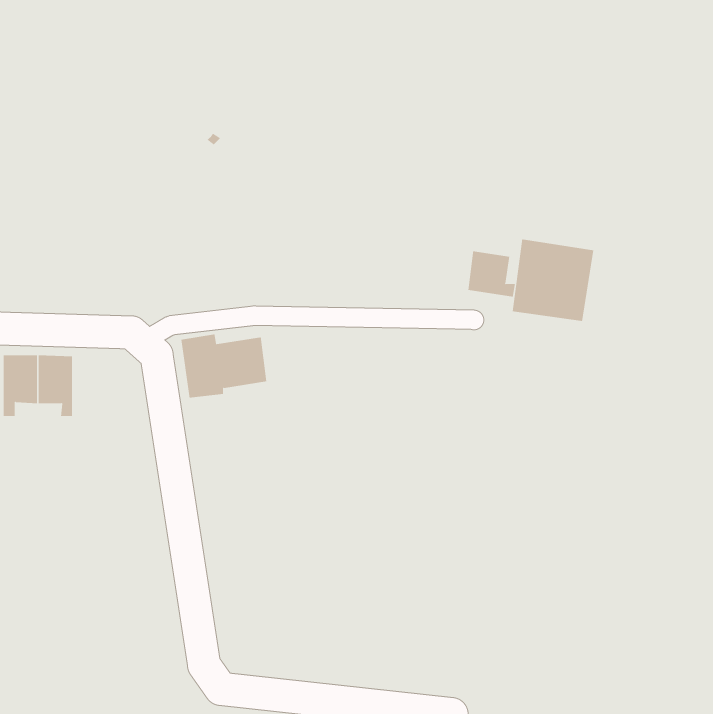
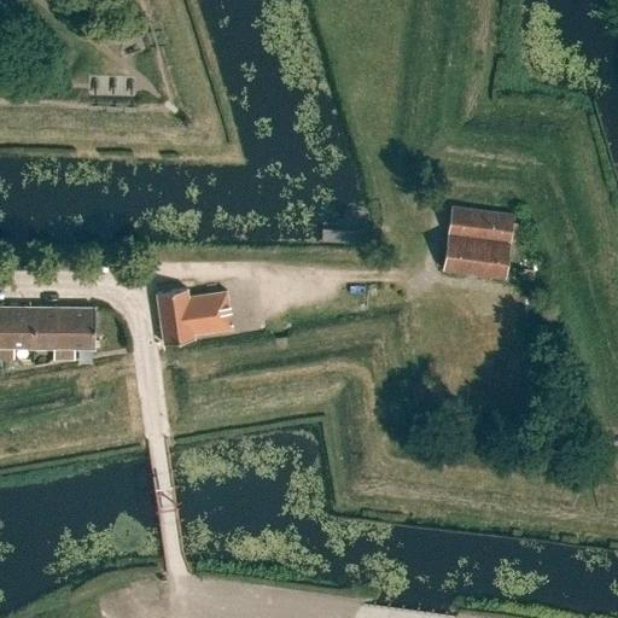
building: [468,251,516,298] -> none
building: none -> [63,308,94,360]

